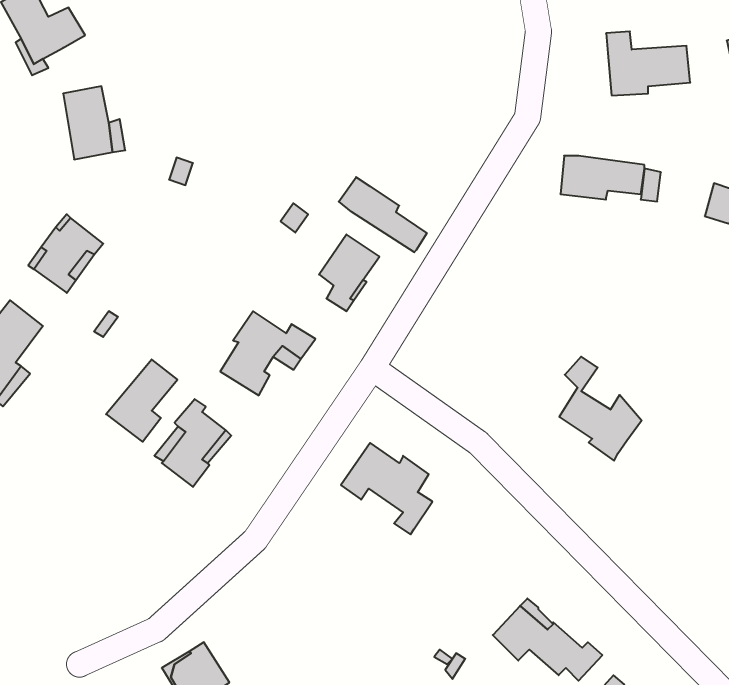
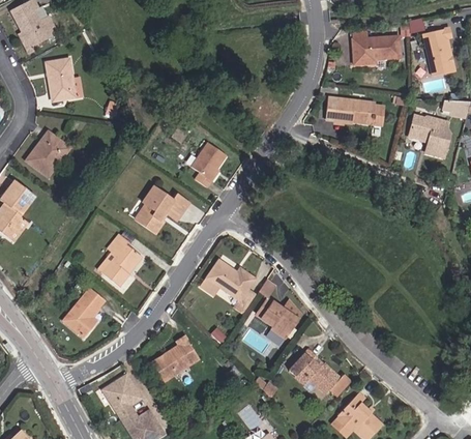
building: [339,177,427,252] -> none
building: [559,357,642,461] -> [254,280,300,339]
building: [106,359,177,442] -> [63,289,104,335]
building: none -> [154,335,200,379]

